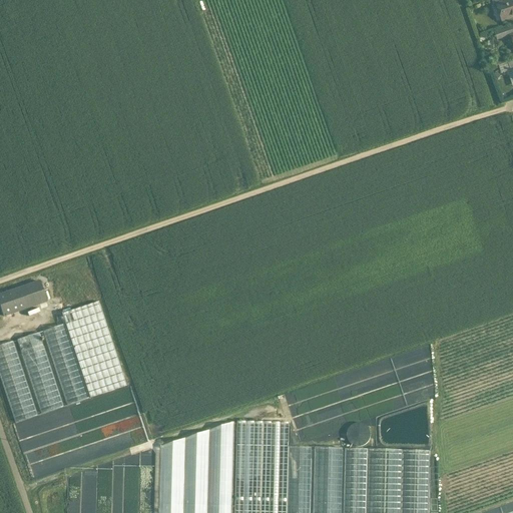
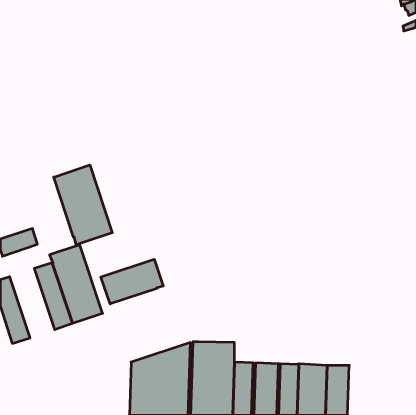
building: none -> [54,165,112,245]
building: none -> [101,259,163,304]
building: [16,333,63,414] -> none

